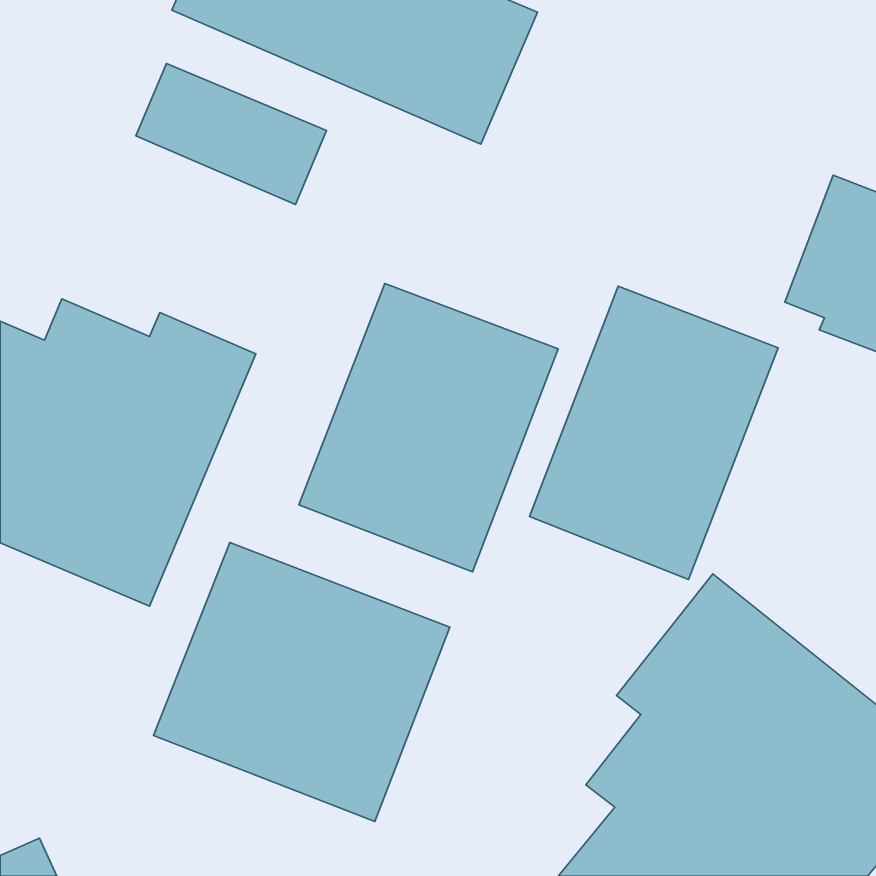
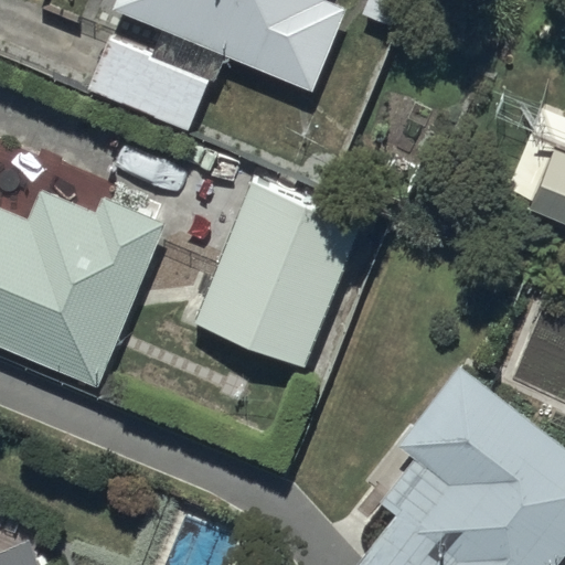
building: [530,286,778,580] -> none
building: [154,543,450,821] -> none

